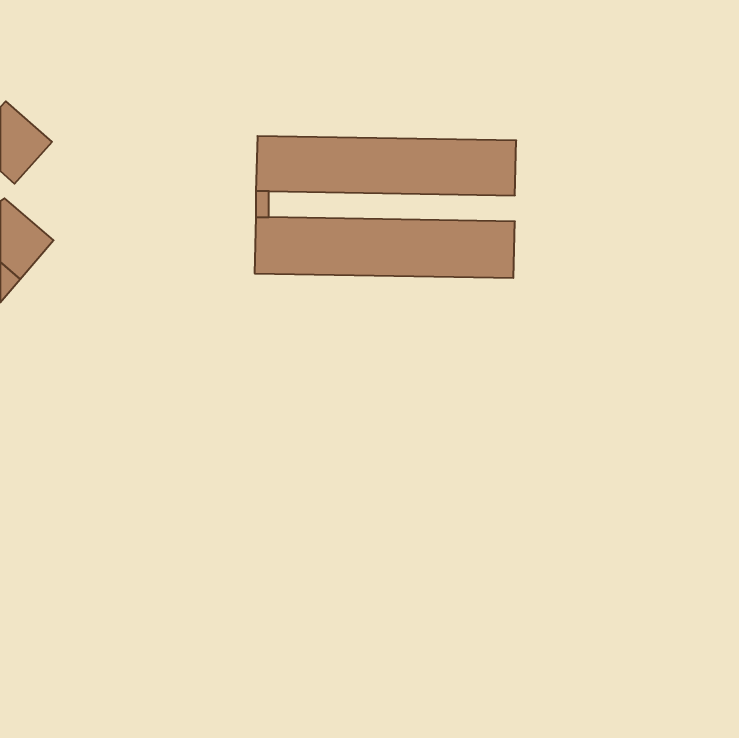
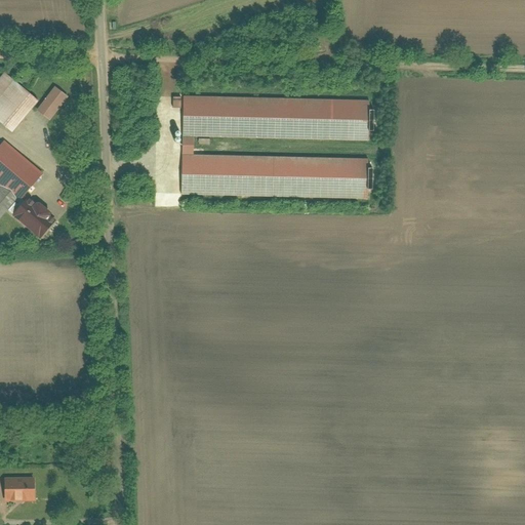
building: none -> [34,86,67,120]
building: none -> [11,196,55,239]
building: none -> [4,476,36,502]

